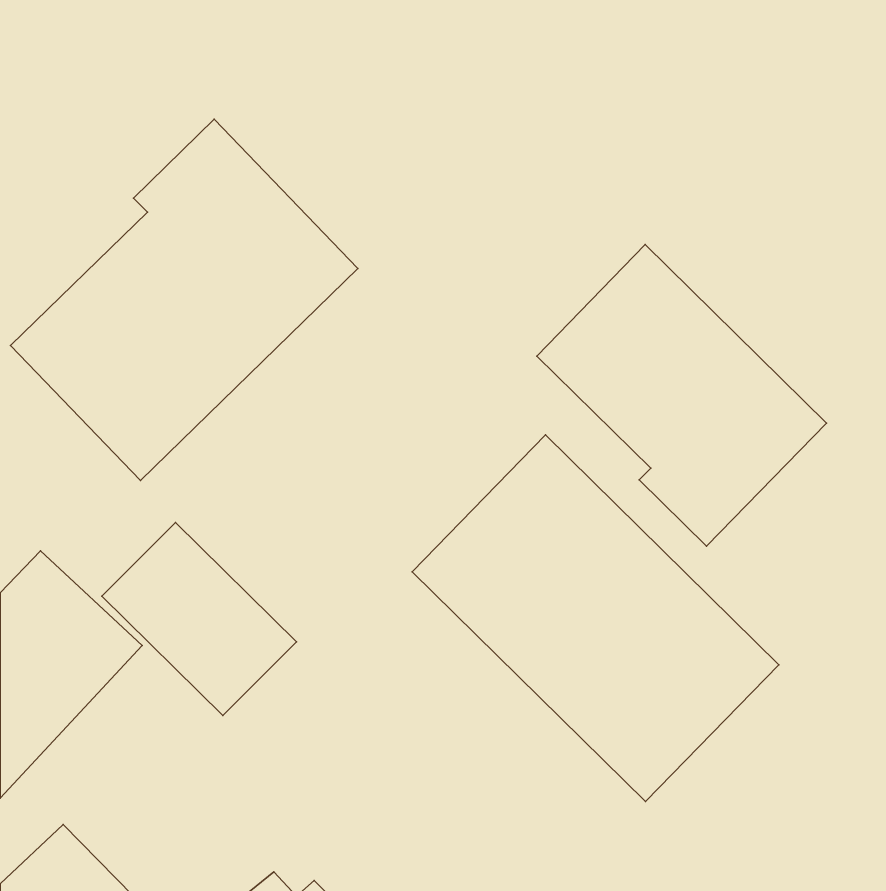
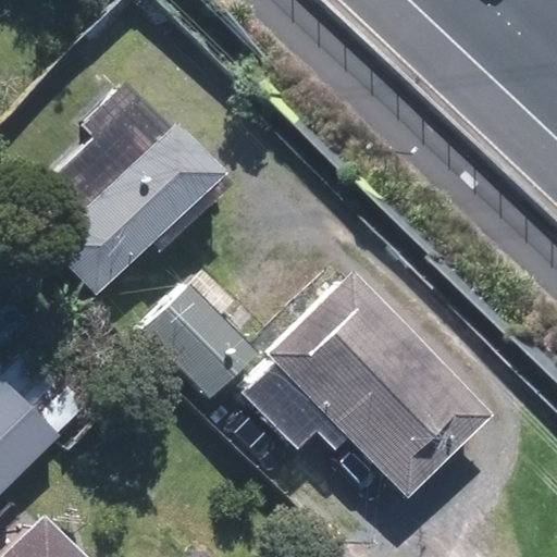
building: [537,245,826,546] -> none
building: [102,522,297,715] -> [134,283,255,403]

